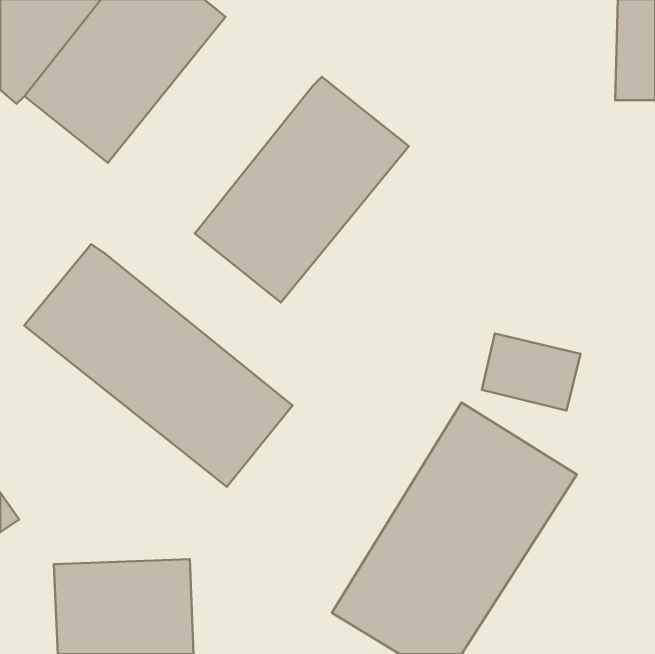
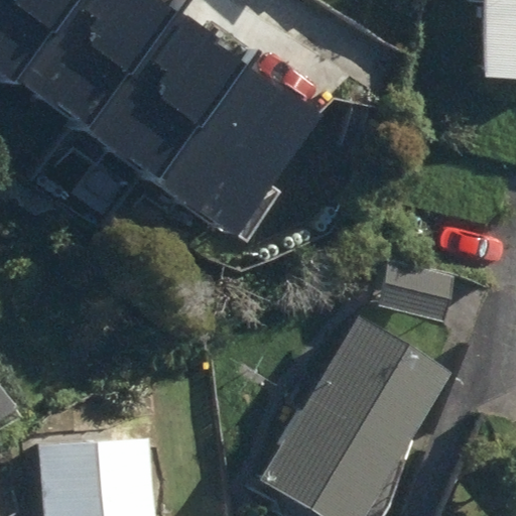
building: none -> [85,13,246,183]
building: [24,244,292,487] -> none

